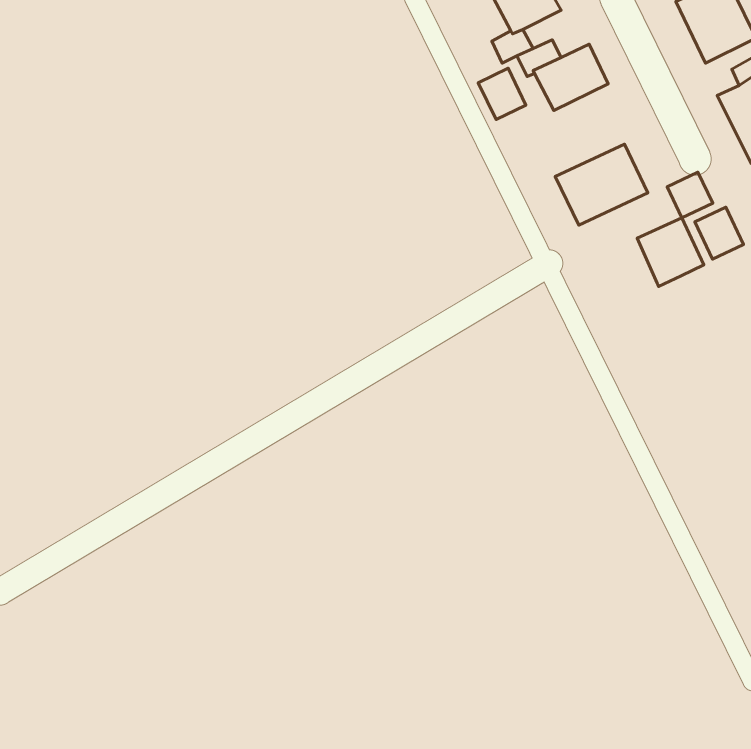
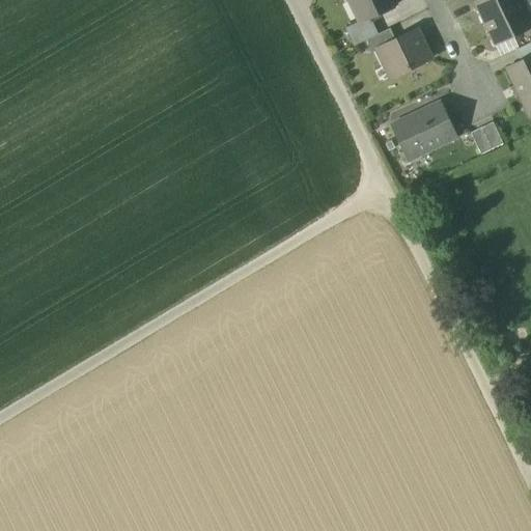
building: [478,68,526,119] -> none
building: [695,207,743,259] -> none
building: [637,218,704,287] -> none

